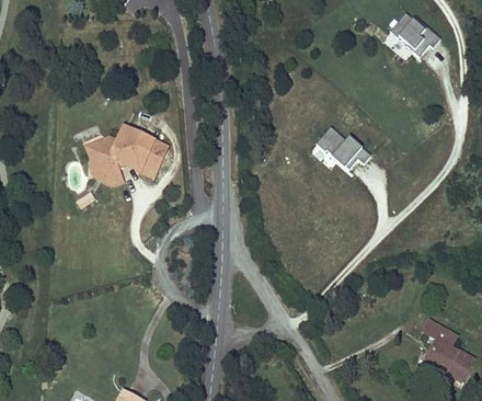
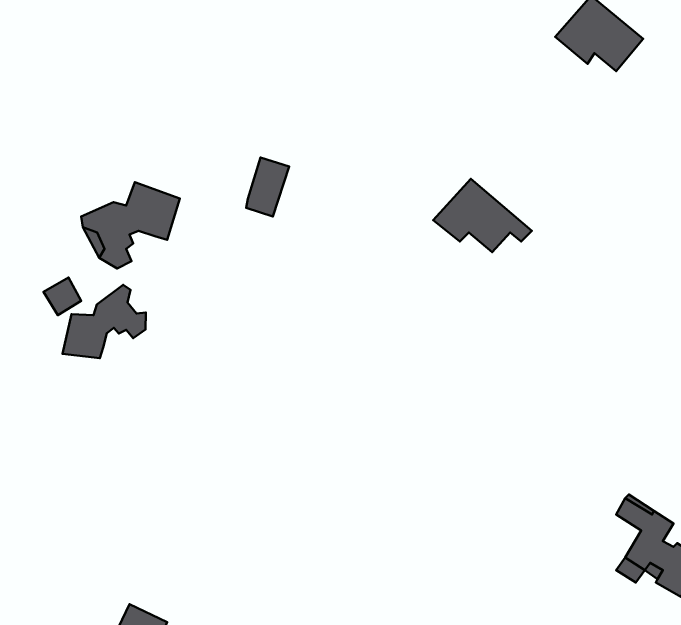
building: [147,137,173,173] -> [246,157,289,217]
building: none -> [63,285,146,358]

